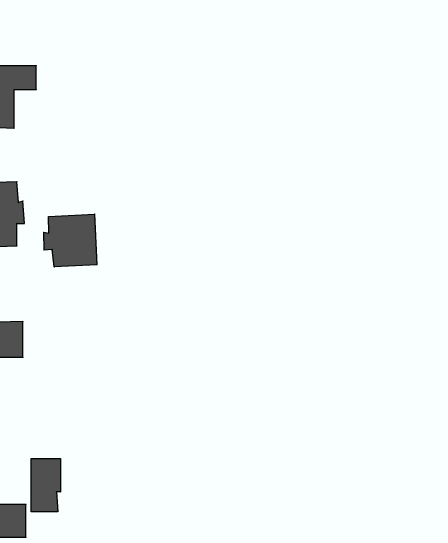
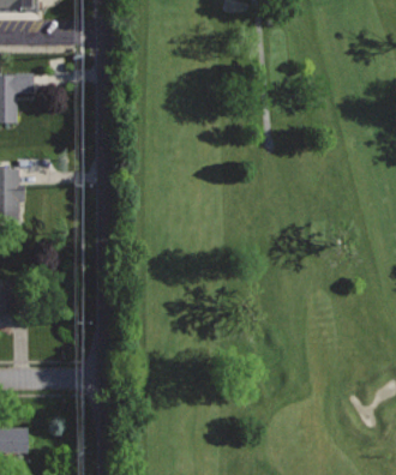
building: [44,214,97,267] -> none
building: [31,459,60,512] -> none

